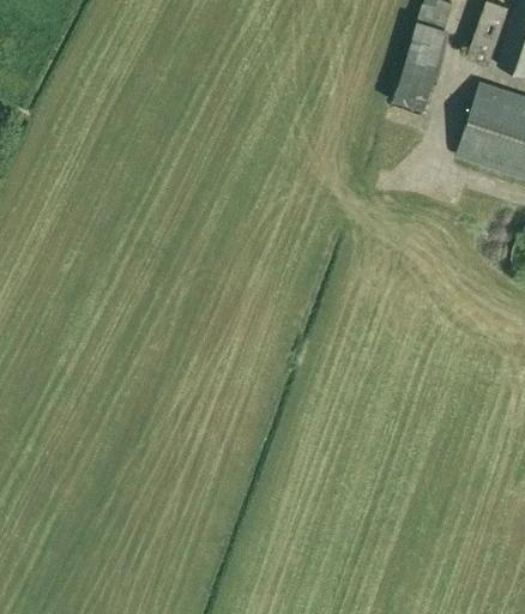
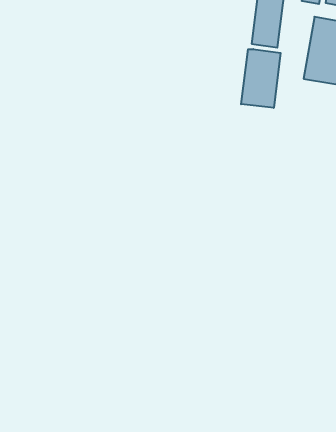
building: none -> [241,49,281,108]

